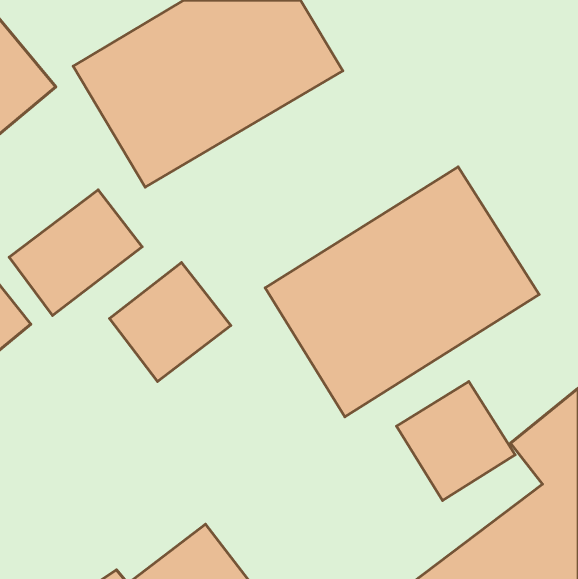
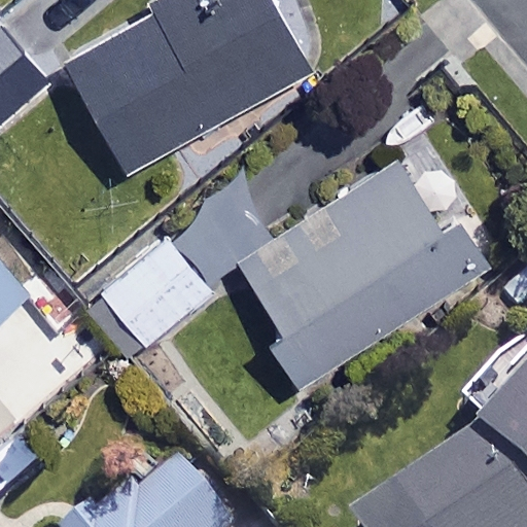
building: [9,190,142,315] -> none
building: [397,382,515,501] -> none

